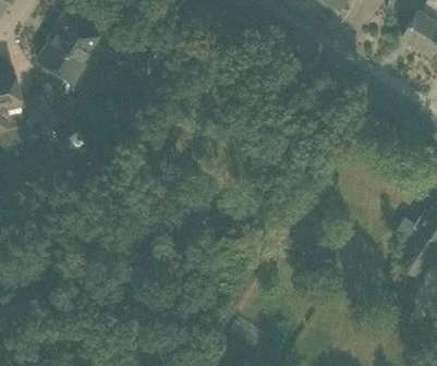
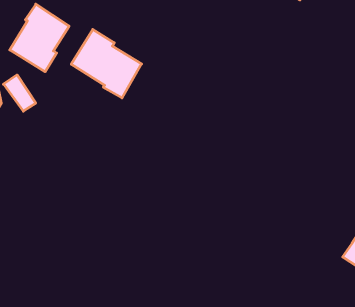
building: none -> [71,29,142,98]

